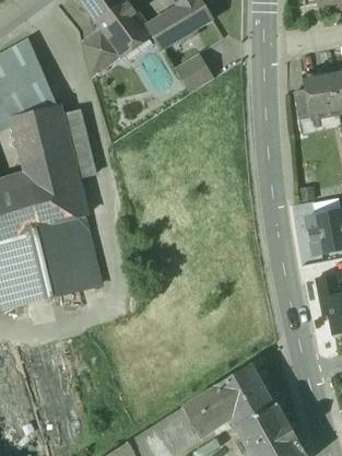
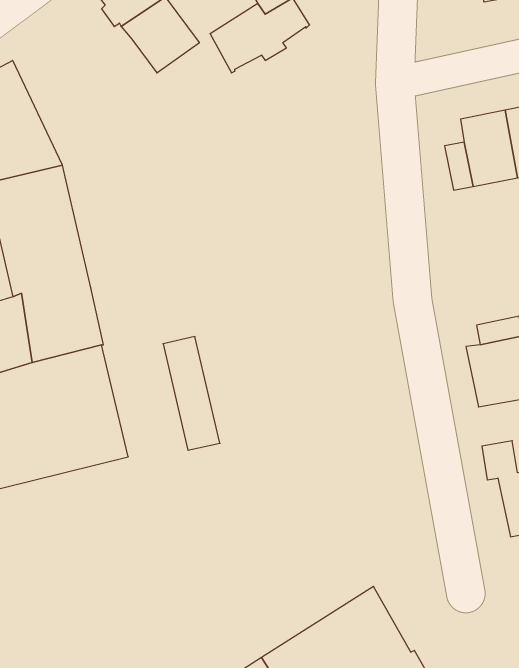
building: [81,27,122,78] -> none
building: [175,52,214,93] -> none
building: [61,110,96,180] -> [163,337,220,450]

